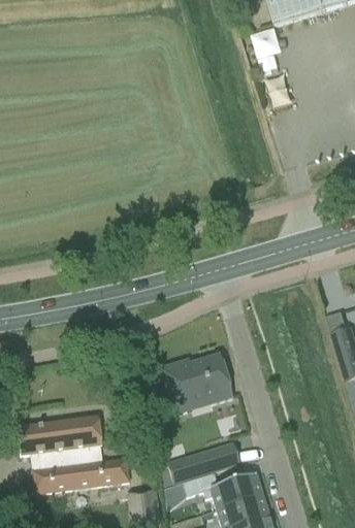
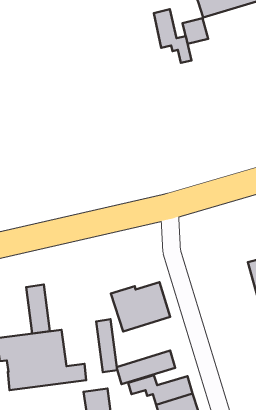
building: none -> [154,9,192,63]
building: none -> [26,285,50,334]
building: none -> [96,319,117,372]

